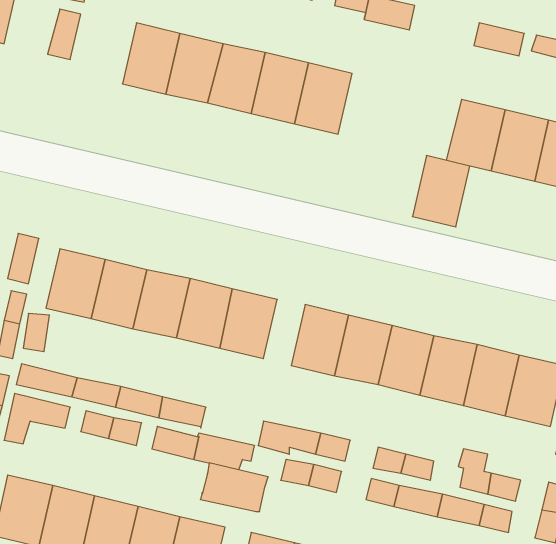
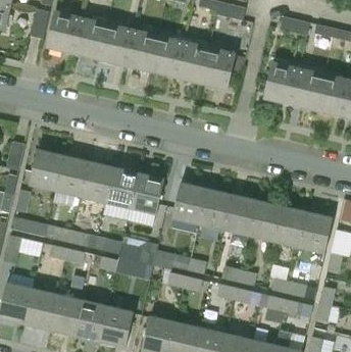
building: none -> [47,11,82,53]
building: [412,156,470,227] -> [200,47,234,89]
building: [200,463,268,512] -> [118,237,158,265]

